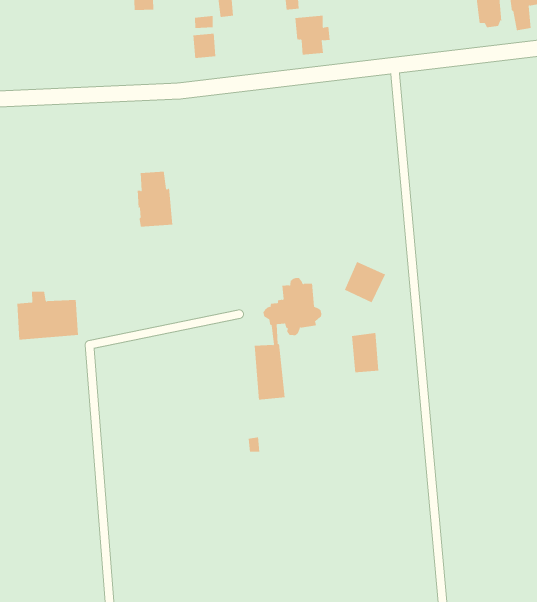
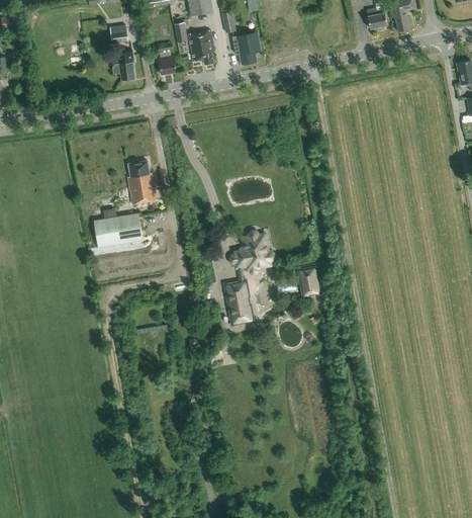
building: none -> [189,29,214,64]
building: none -> [112,50,134,79]
building: [344,261,386,303] -> none
building: [17,291,79,340] -> [94,208,143,247]

